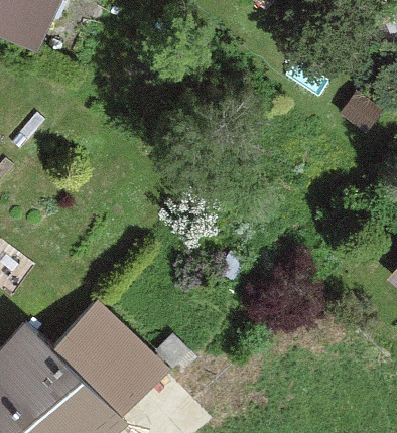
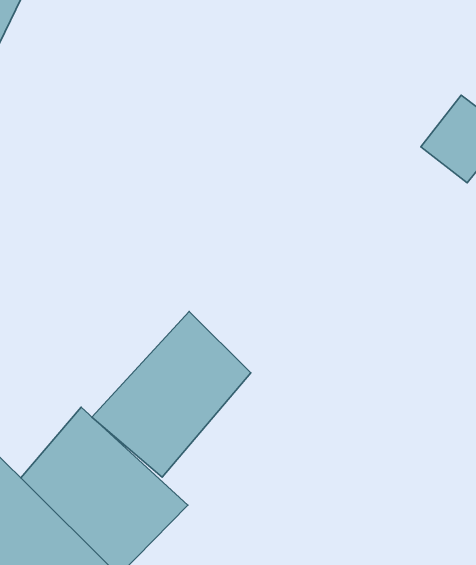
building: none -> [92,311,251,477]

